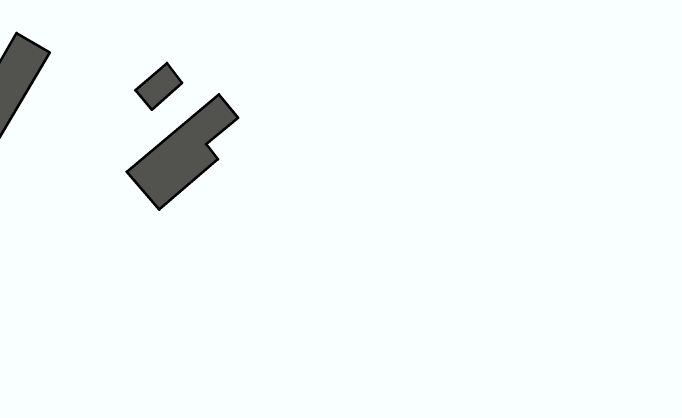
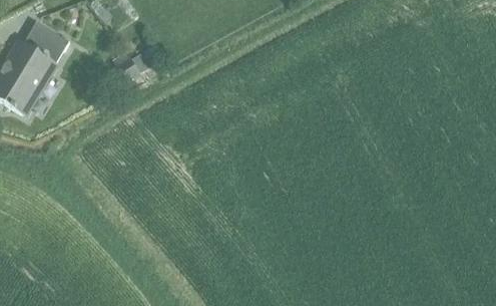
building: [127,94,238,210] -> none

